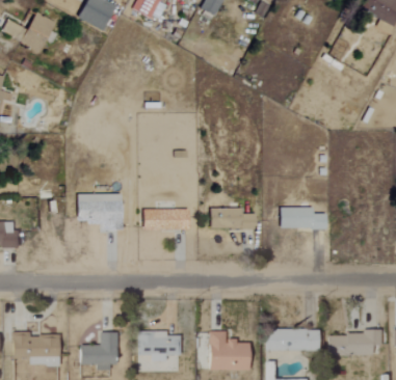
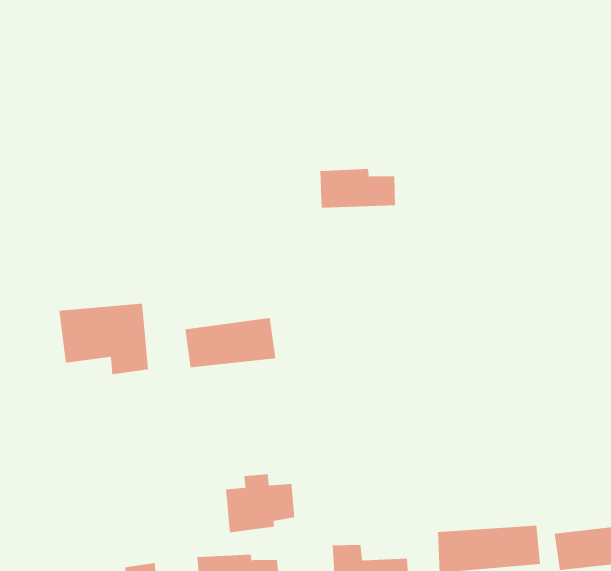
building: [281,207,326,229] -> none
building: [215,208,256,229] -> [320,168,396,208]
building: none -> [226,473,295,533]

